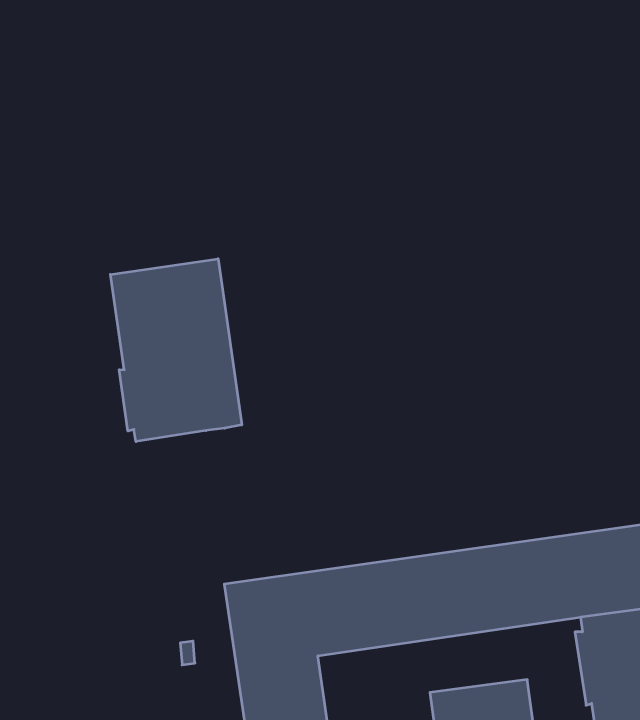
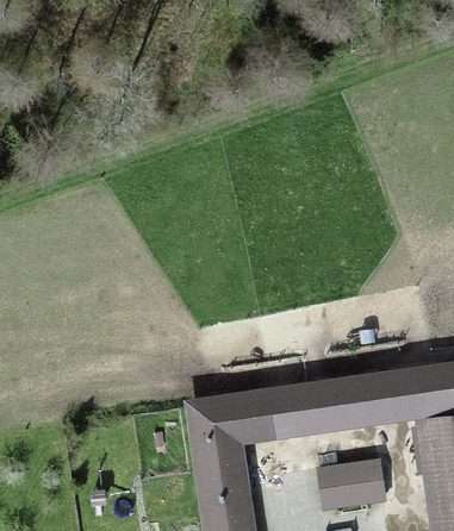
building: [110,259,242,442] -> none

